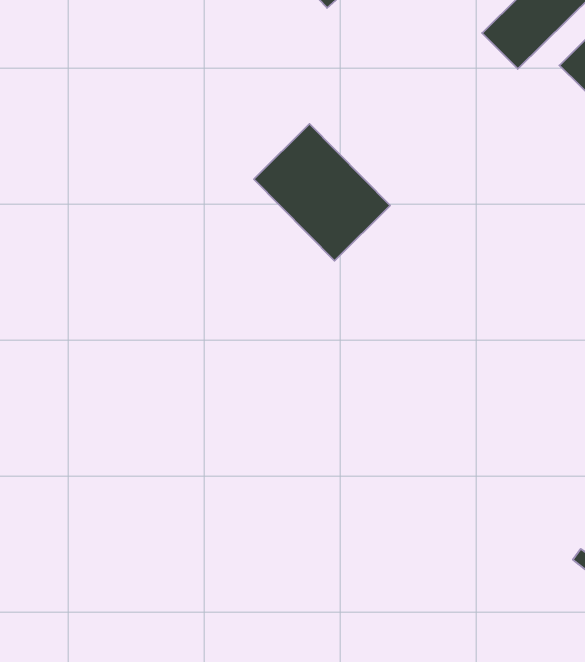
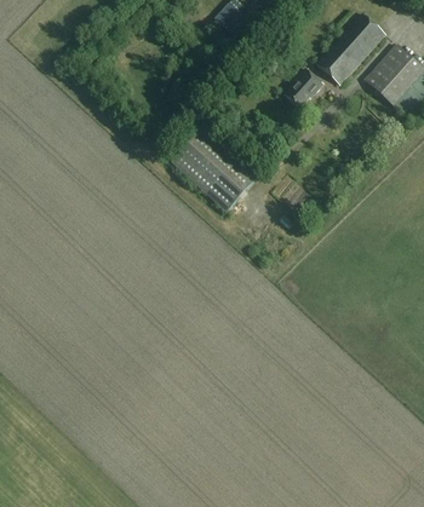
building: none -> [282,67,321,106]

